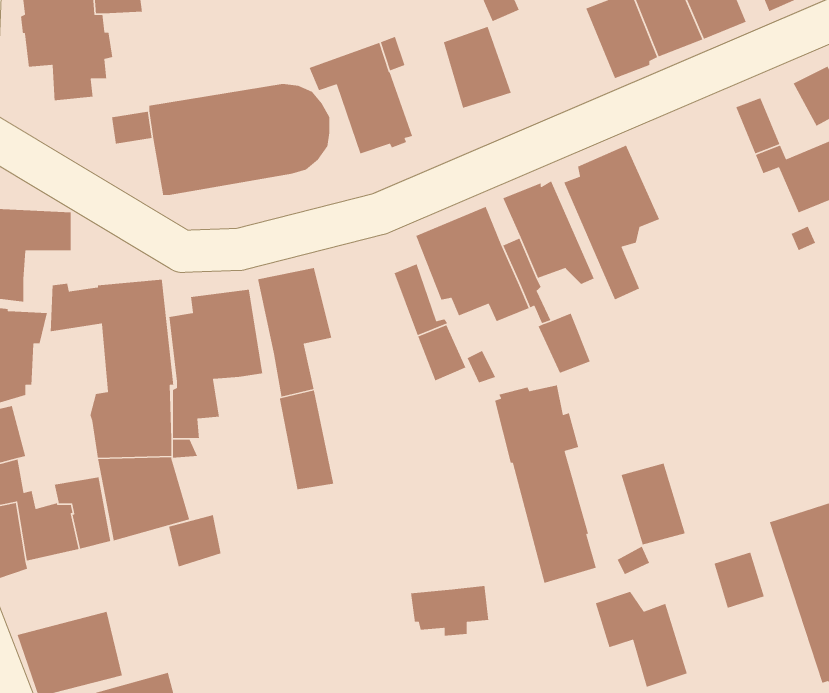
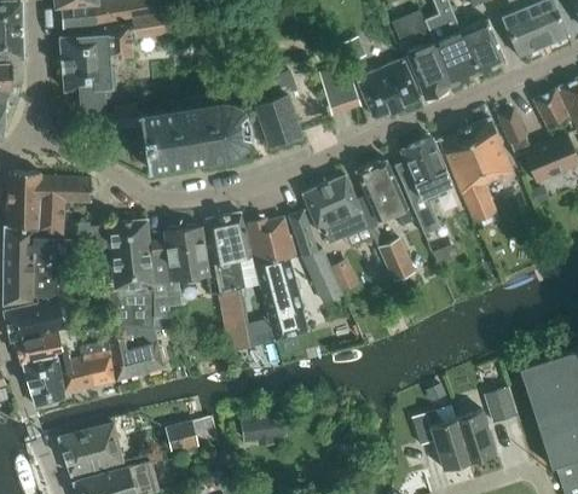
building: none -> [358,59,420,120]
building: none -> [439,120,511,222]
building: [494,384,597,584] -> [245,219,308,341]
building: [621,463,686,546] -> [456,412,496,463]
building: [168,514,222,568] -> [166,422,198,454]
building: [410,585,489,636] -> [238,414,287,446]

